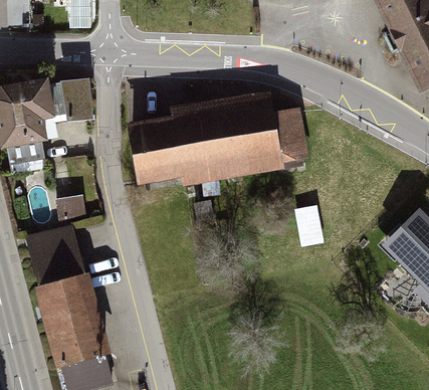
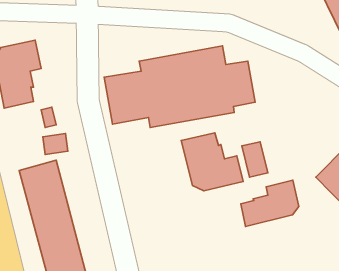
building: [61,79,93,123] -> none
building: none -> [181,133,243,191]
building: none -> [241,180,299,226]

